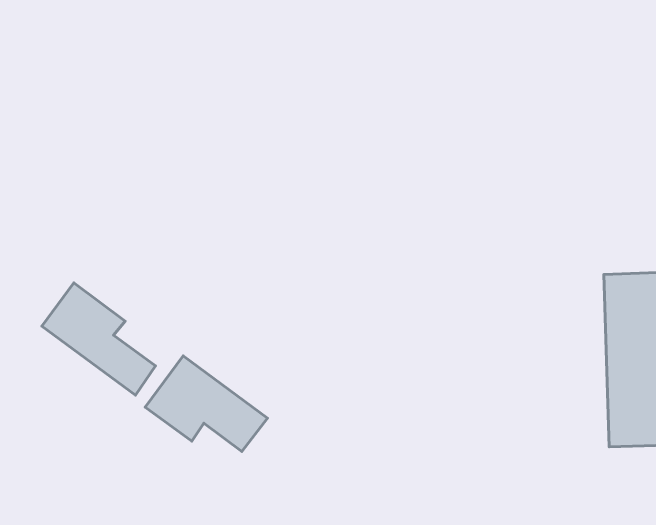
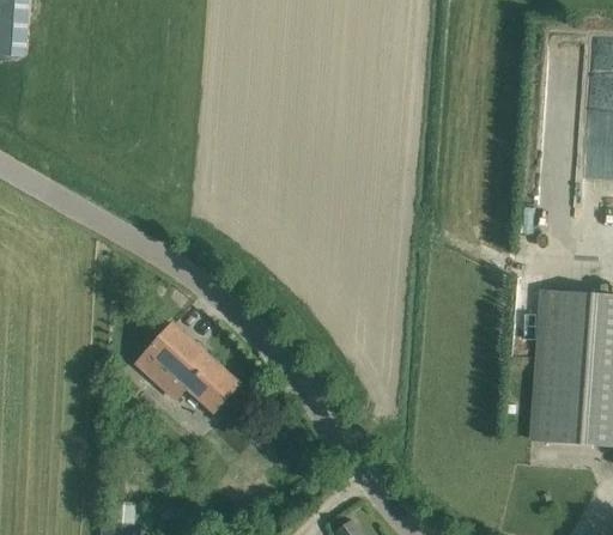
building: [42,283,156,395] -> none

